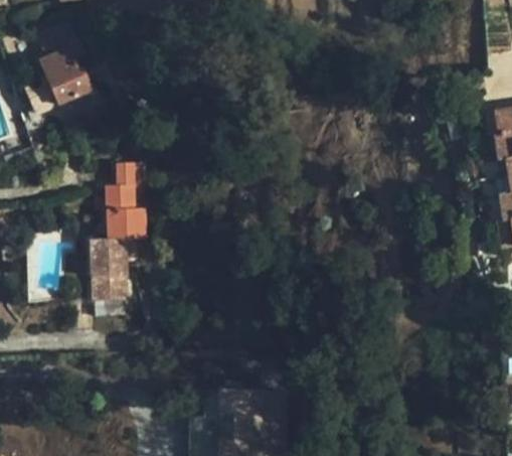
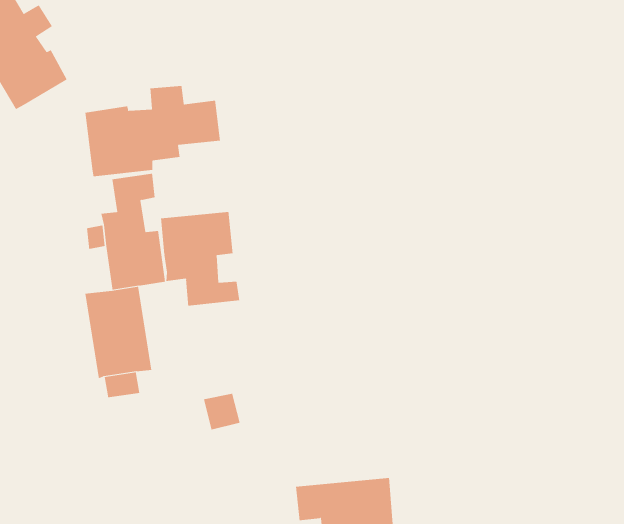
building: none -> [85,85,221,177]
building: none -> [161,211,240,306]

